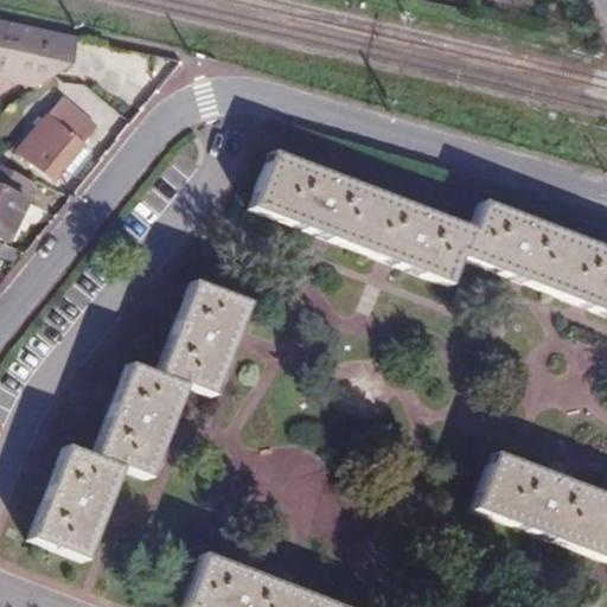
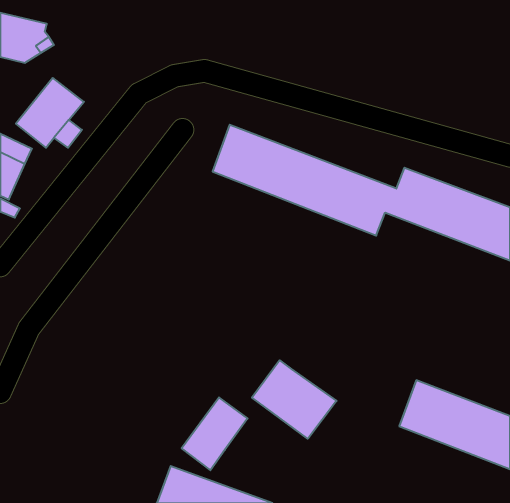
building: [34,279,249,555] -> none
building: none -> [252,360,337,439]
building: none -> [182,397,248,470]

